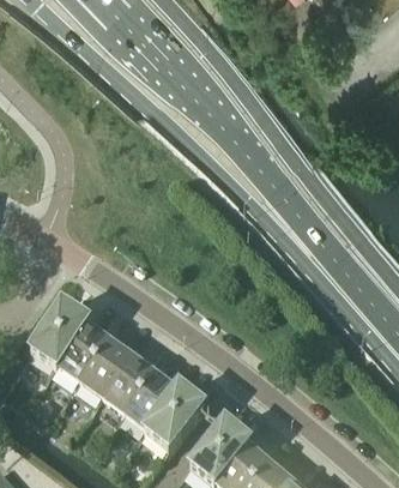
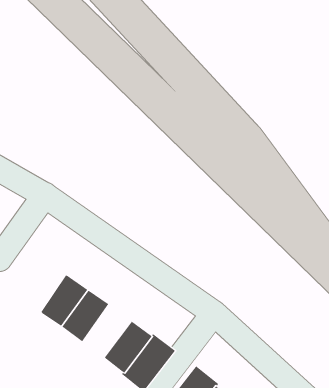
building: [31,302,89,366] -> none
building: [103,354,156,411] -> none

